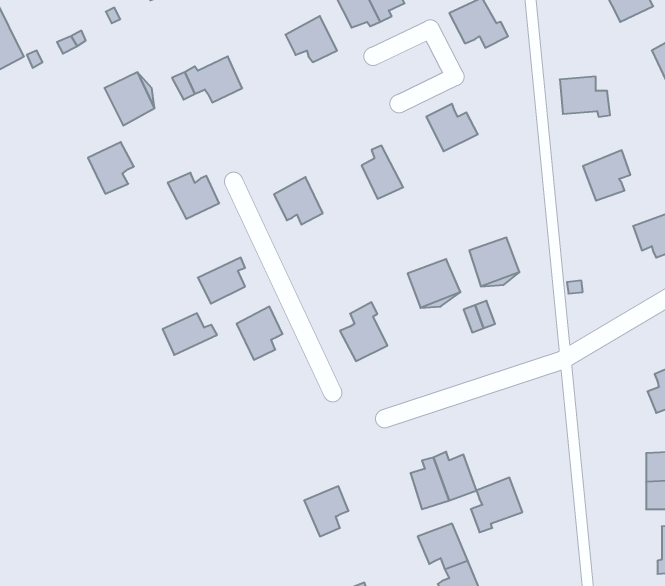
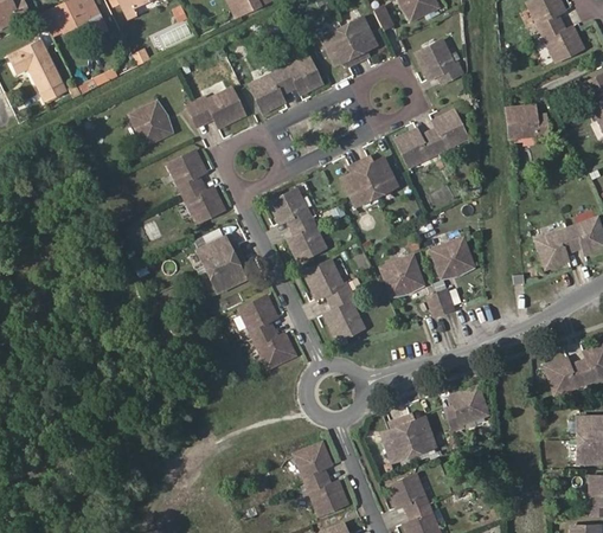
building: none -> [250,71,288,113]
building: none -> [429,110,468,153]
building: none -> [359,158,397,197]
building: [88,142,134,194] -> [168,150,206,193]
building: [583,150,630,201] -> [534,229,573,270]
building: none -> [288,218,326,262]
building: none -> [304,261,351,301]
building: [163,313,217,355] -> [198,237,243,271]
building: none -> [254,330,295,367]
building: none -> [544,358,585,393]
building: [471,478,522,532] -> [447,386,489,431]
building: none -> [308,477,347,514]

